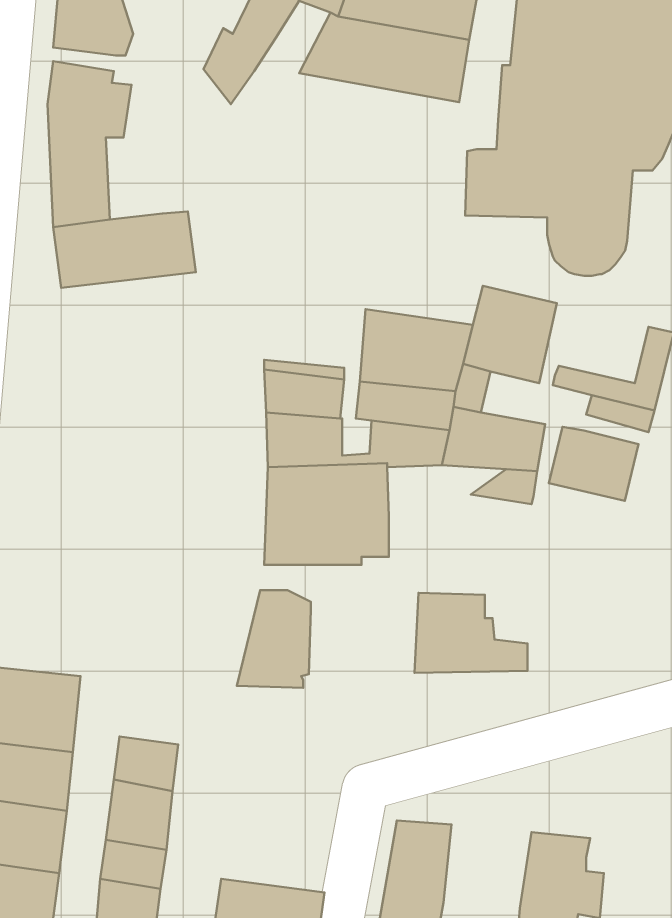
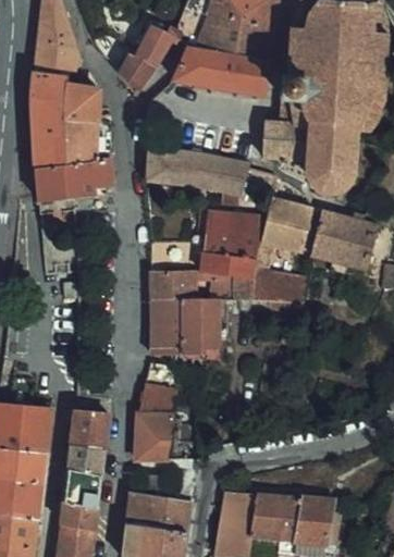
building: none -> [63,85,97,160]
building: none -> [143,146,247,195]
building: [549,427,639,501] -> [316,210,366,251]
building: [414,593,528,673] -> [134,420,197,465]
building: none -> [71,417,108,453]
building: none -> [251,497,300,544]
building: none -> [127,498,189,535]

